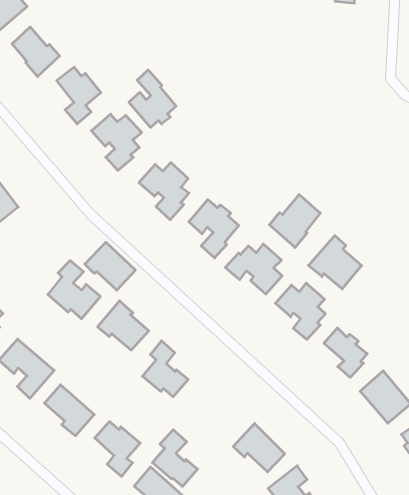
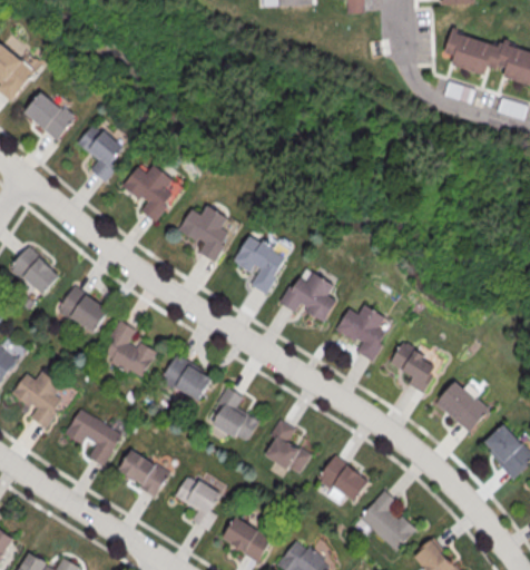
building: [129,70,176,127] -> none
building: [269,194,320,248] -> none
building: [308,236,362,289] -> none
building: [85,242,135,290] -> [57,286,109,333]
building: [152,430,198,486] -> [264,419,311,474]

